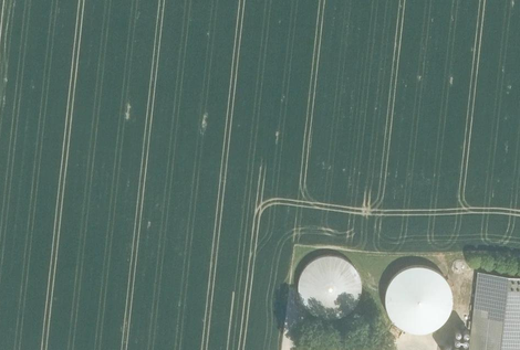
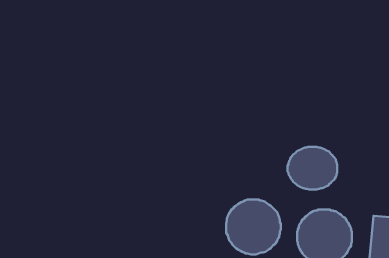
building: none -> [288,147,337,190]

